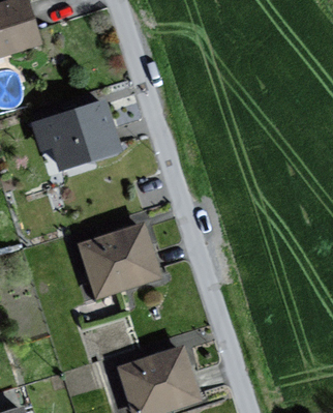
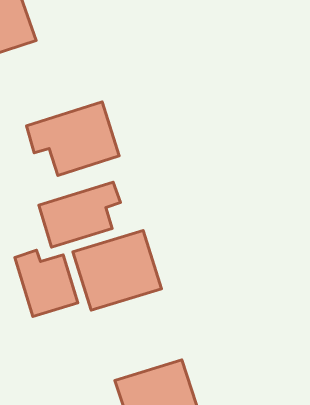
building: none -> [39,182,120,247]
building: none -> [15,250,78,316]

